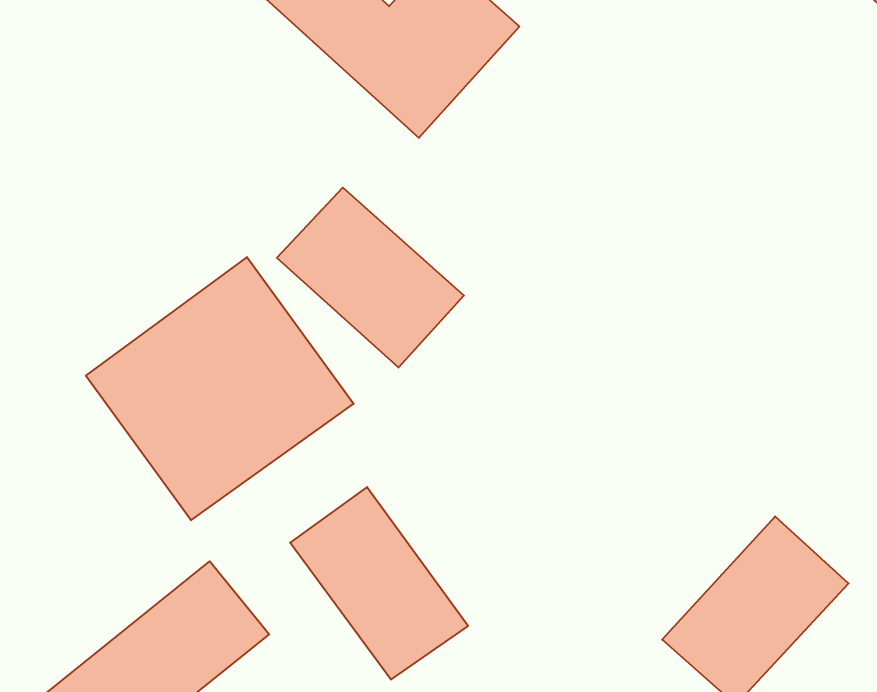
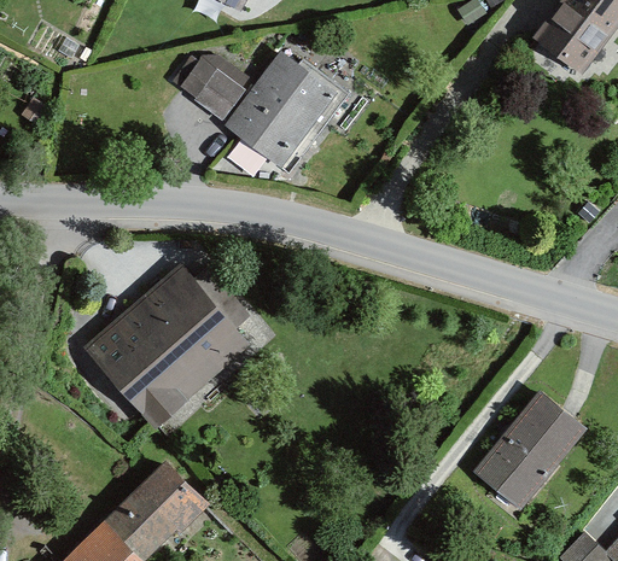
building: [277,188,464,368] -> none
building: [290,487,468,680] -> none

